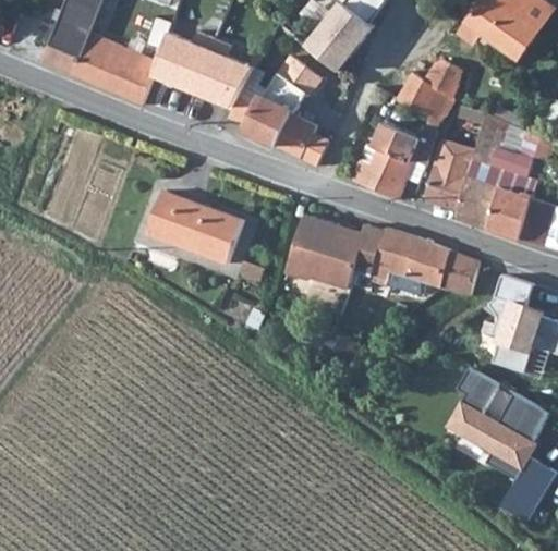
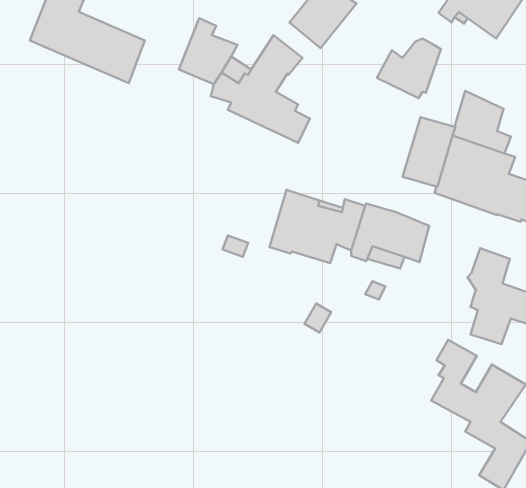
building: [153,30,214,90] -> none
building: [350,122,436,198] -> none
building: [146,189,243,262] -> none
building: [439,250,477,295] -> none

